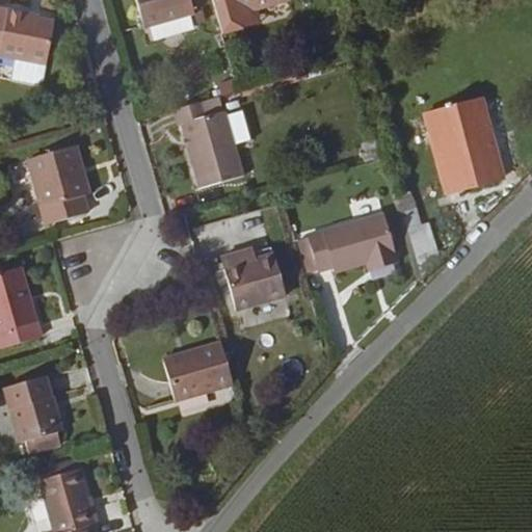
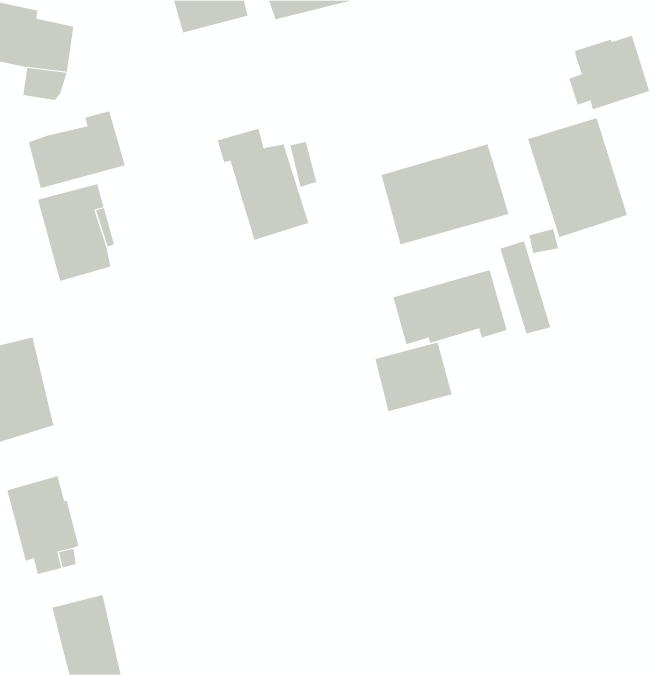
building: none -> [569,35,650,110]
building: none -> [28,111,125,189]
building: none -> [381,143,509,245]
building: [224,256,286,311] -> [375,342,453,412]
building: [164,341,233,400] -> none

